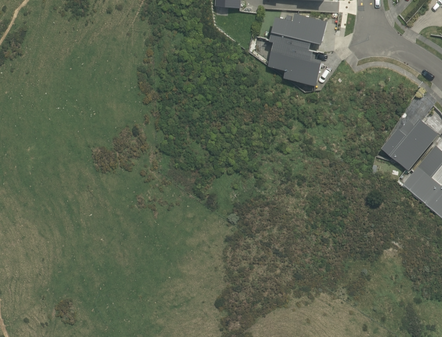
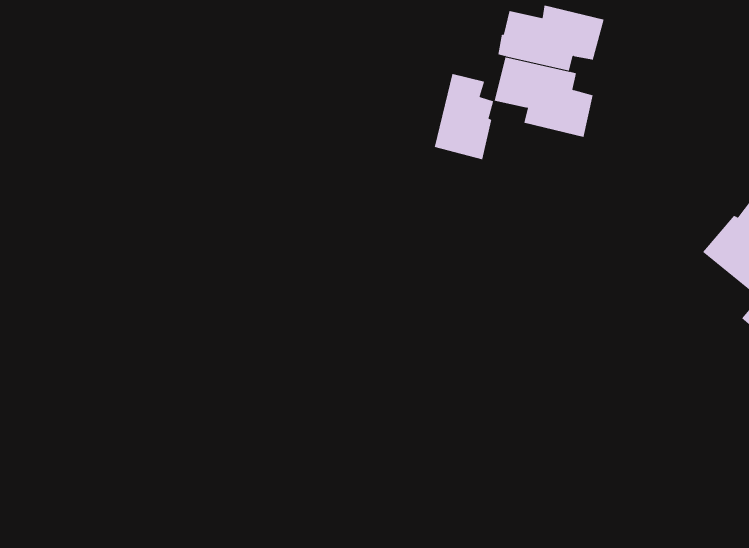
building: none -> [434,73,494,160]

